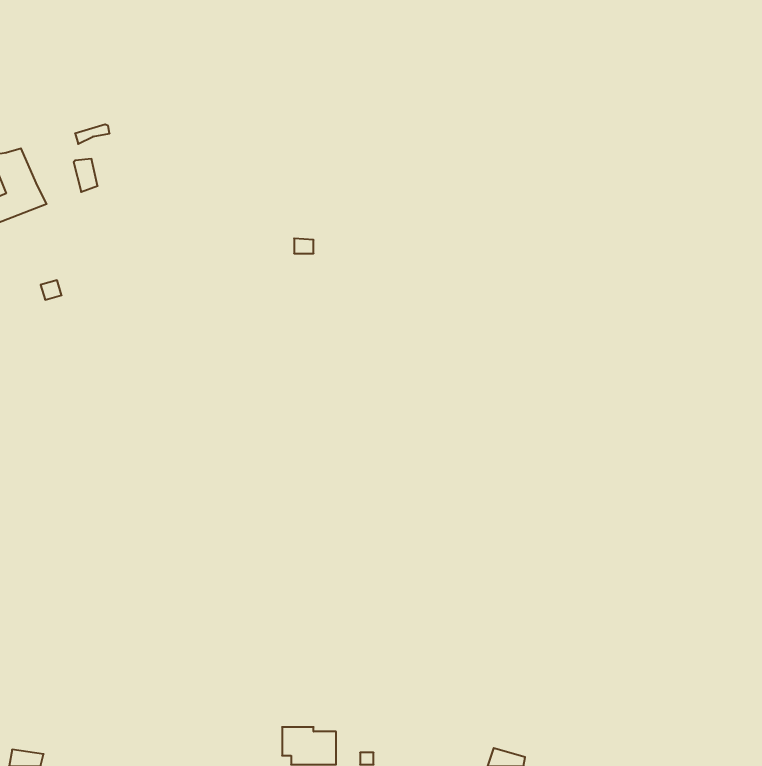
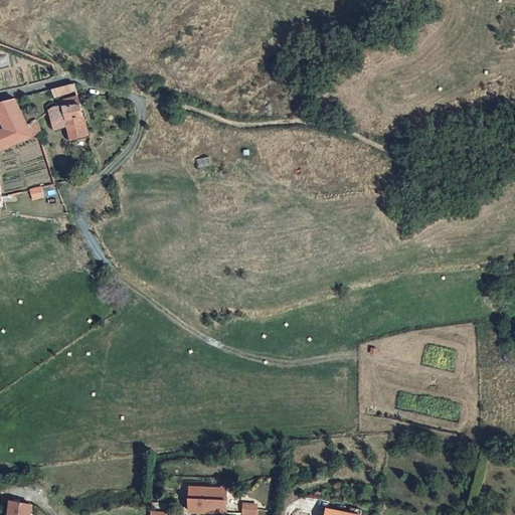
building: none -> [61,104,87,139]

